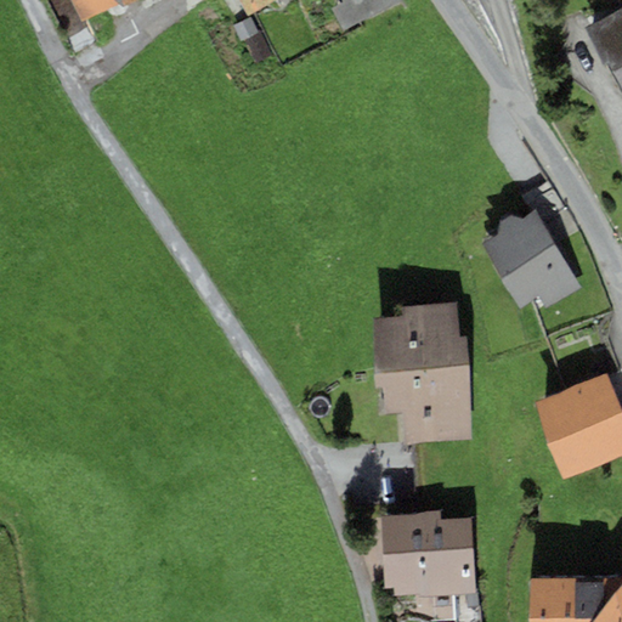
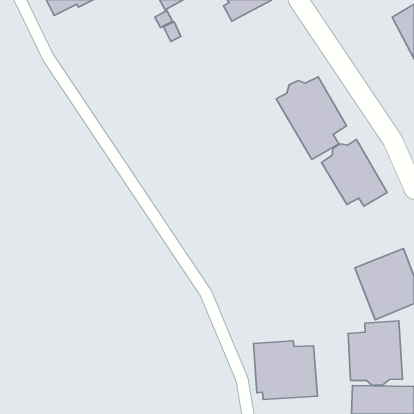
building: none -> [276,77,347,160]
building: [373,302,473,443] -> none
building: none -> [348,321,403,385]

